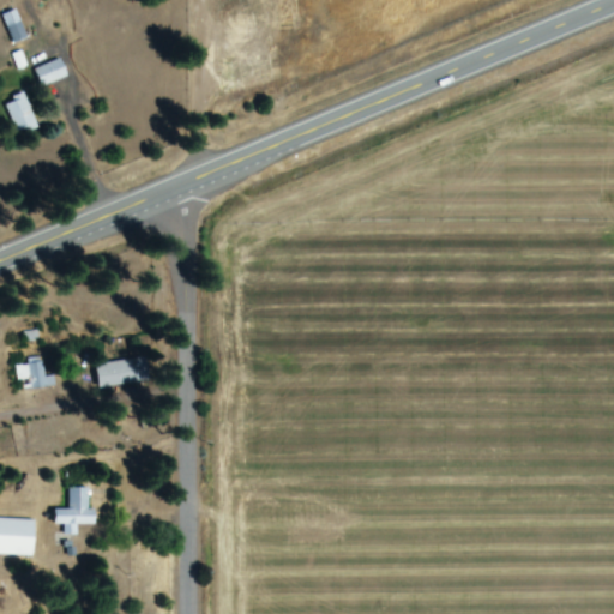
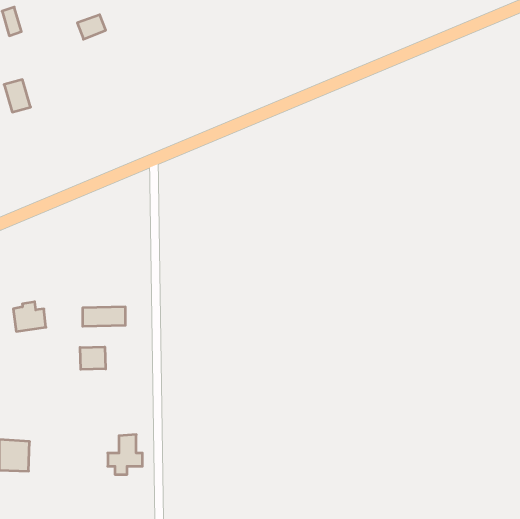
building: [34,56,67,85] -> [77,15,106,39]
building: none -> [80,347,106,369]
building: [55,487,96,534] -> [108,435,142,474]

